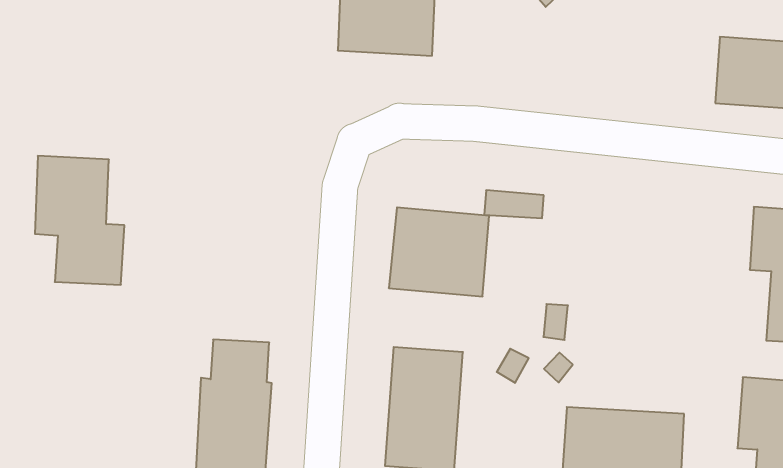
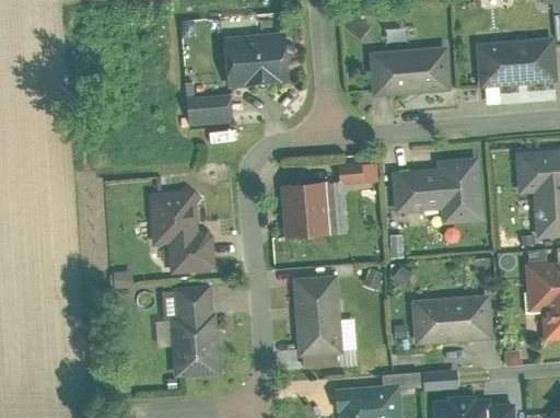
building: none -> [370,46,450,96]
building: none -> [186,93,232,124]
building: [35,156,124,285] -> [148,188,214,274]
building: none -> [393,156,482,223]

